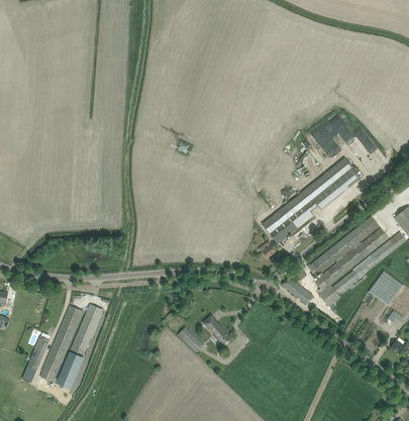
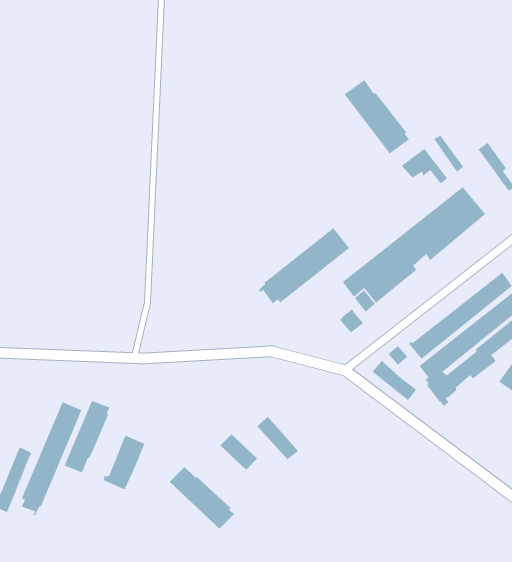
building: none -> [343,79,410,154]
building: none -> [258,227,350,305]
building: none -> [169,466,235,530]
building: [55,351,84,390] -> [103,435,146,491]

